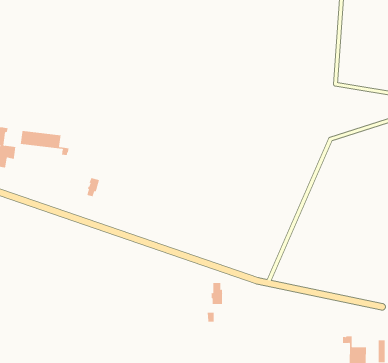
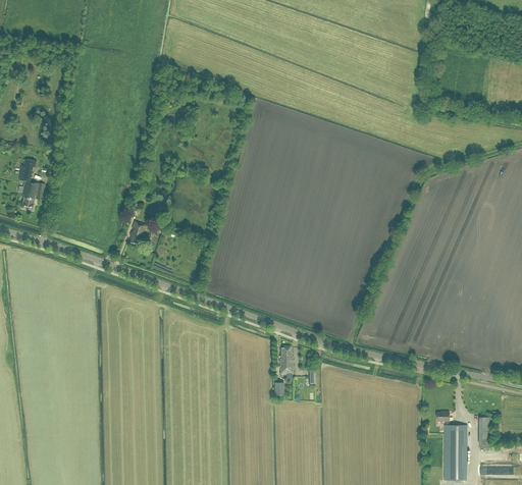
building: [20,130,69,156] -> none

